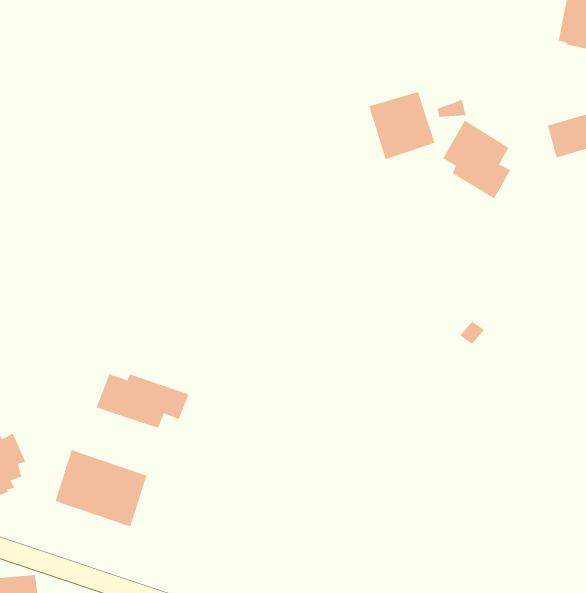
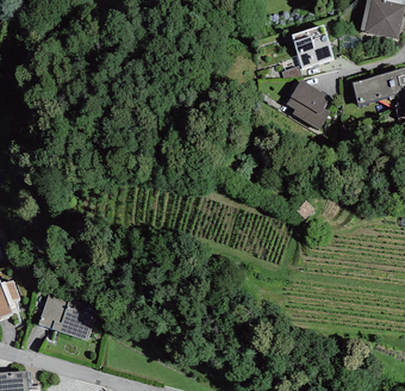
building: [368,91,435,160] -> [291,24,334,68]
building: [95,373,190,429] -> none

